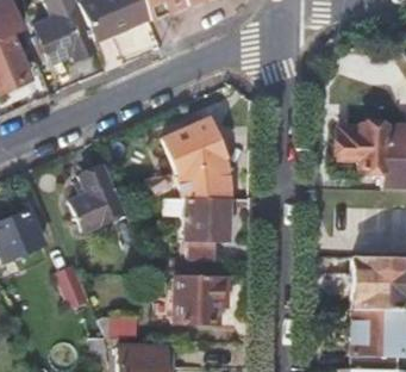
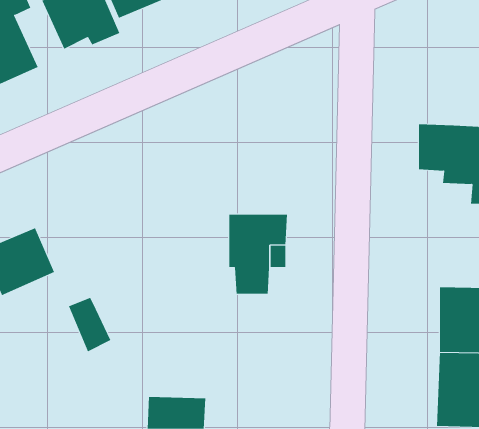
building: [164,118,233,197] -> none
building: [71,167,125,232] -> none
building: [175,274,231,323] -> none

